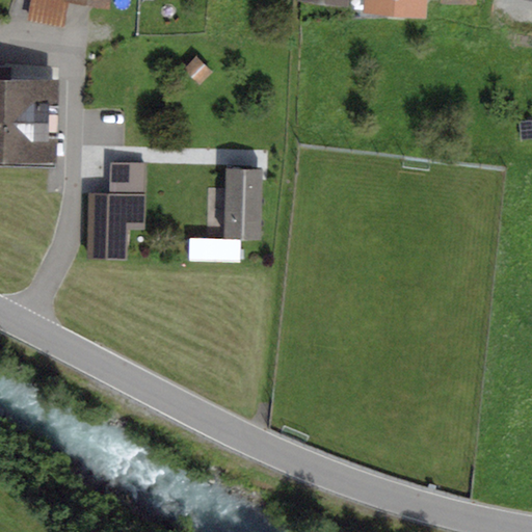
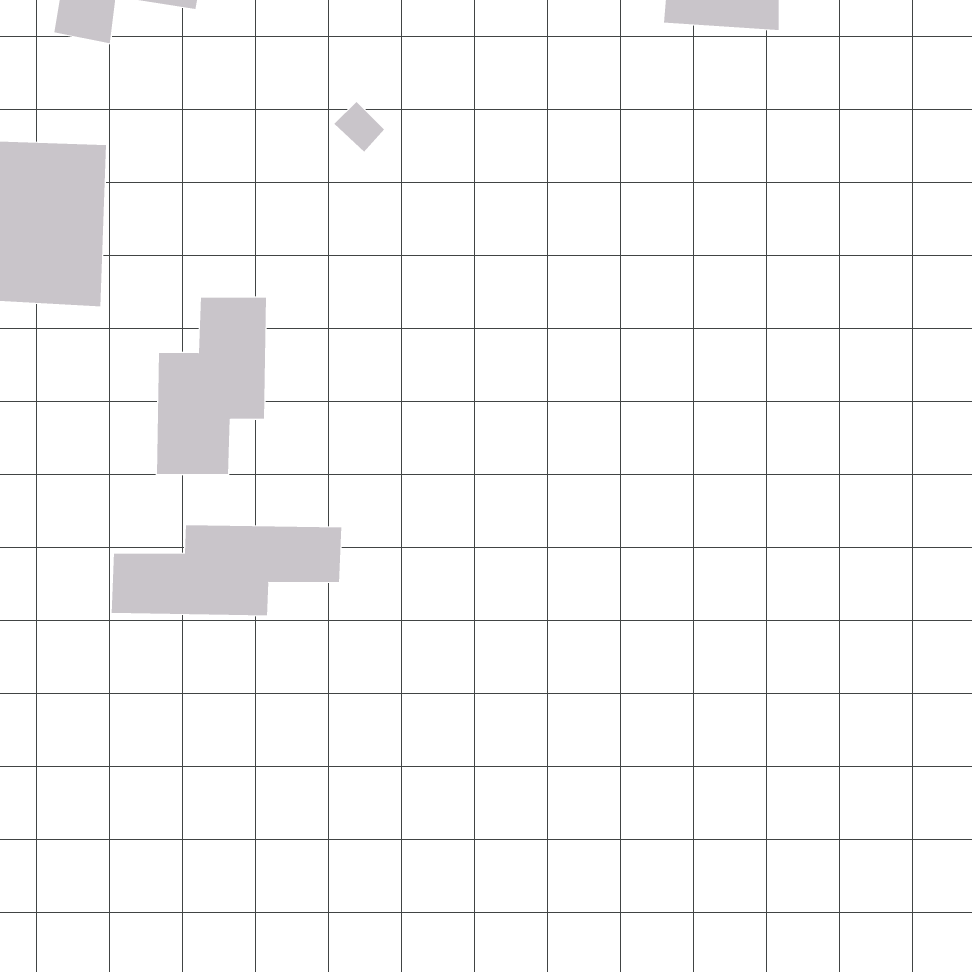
building: [187,167,261,262] -> none
building: none -> [111,524,342,616]

